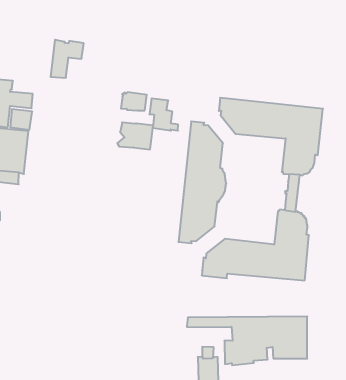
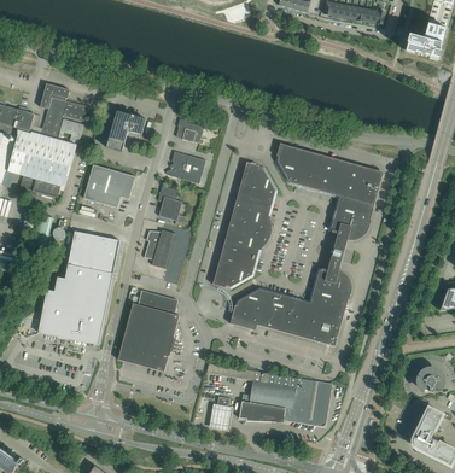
building: [51,40,84,78] -> [106,110,146,151]
building: [149,99,178,131] -> [158,185,186,222]
building: none -> [83,164,135,208]
building: none -> [145,229,176,268]
building: none -> [39,230,121,344]
building: none -> [118,290,180,372]

